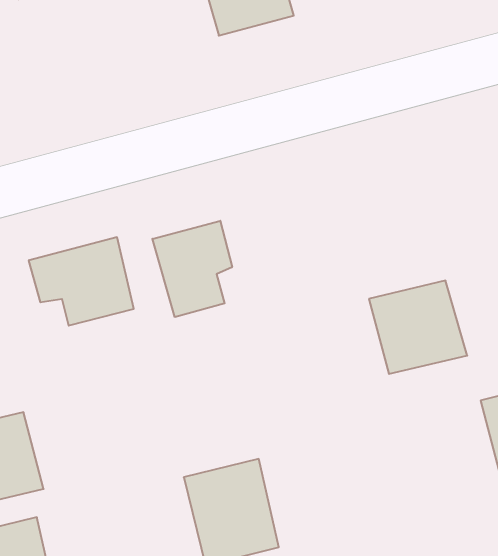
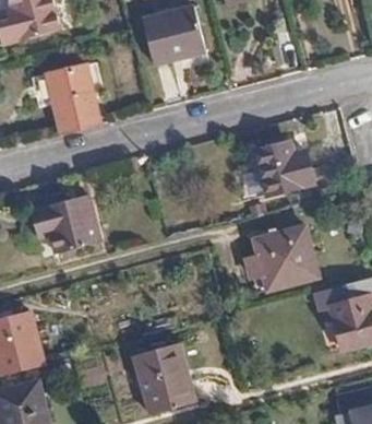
building: none -> [44,64,98,134]
building: none -> [255,141,313,195]
building: [152,221,232,317] -> none

